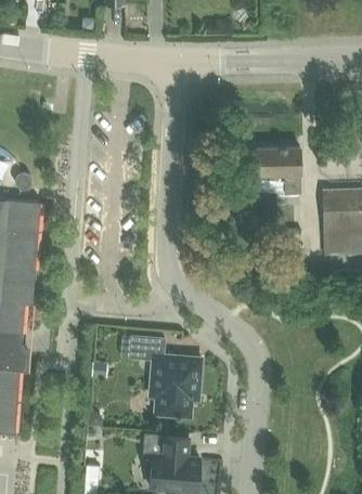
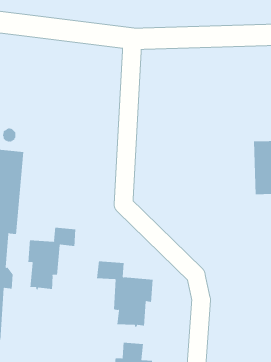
building: [257,148,300,196] -> none
building: none -> [28,227,76,290]

